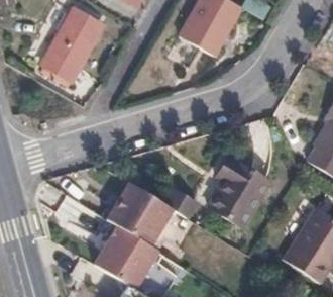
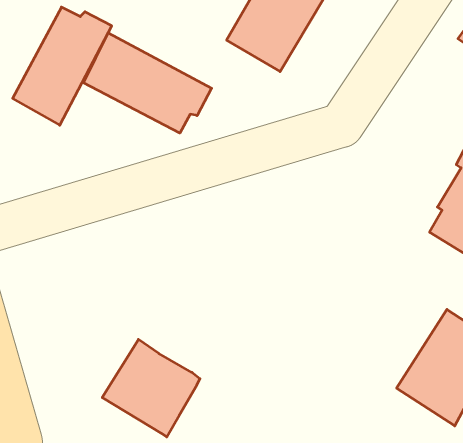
building: none -> [84,33,212,133]
building: [204,151,264,221] -> none
building: [109,181,180,249] -> none

